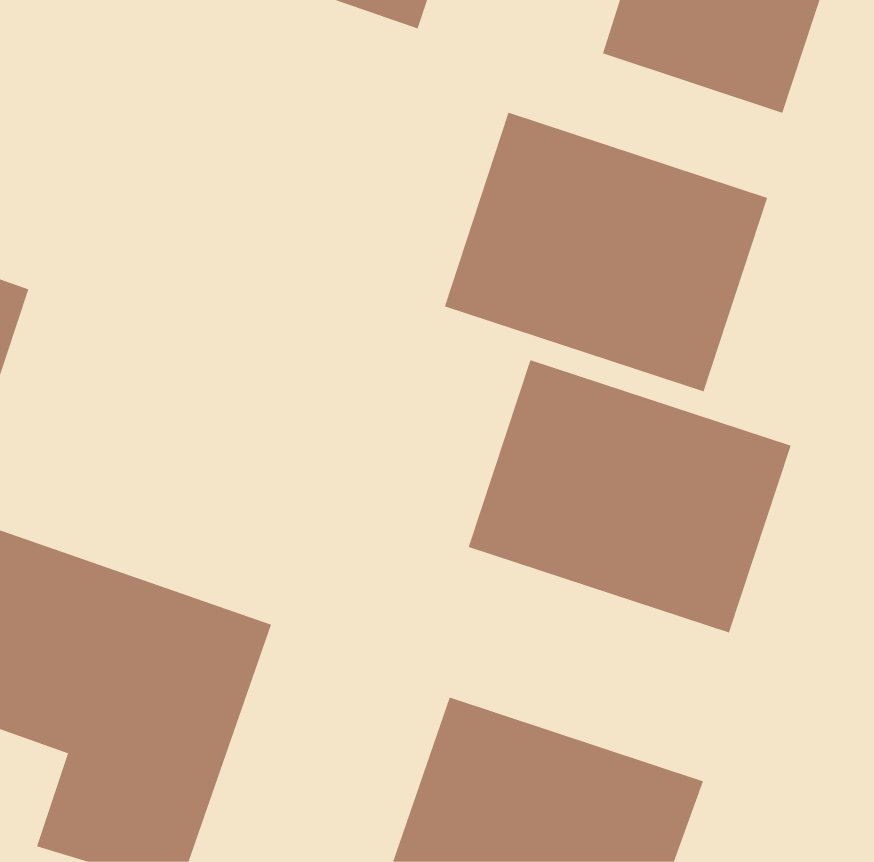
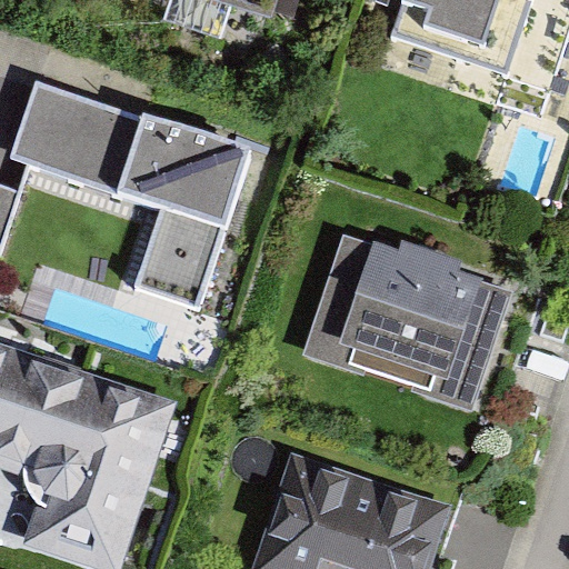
building: [444,112,768,392] -> none
building: none -> [8,81,250,309]

